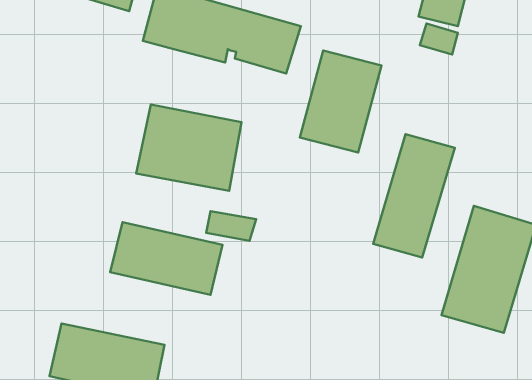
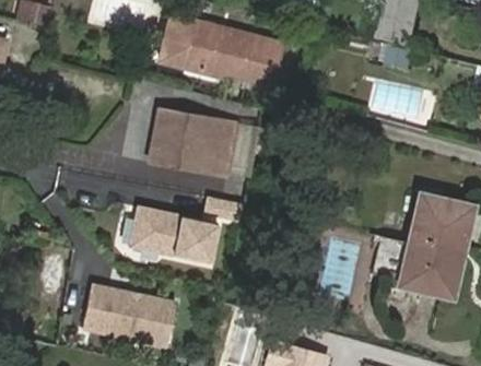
building: [300,50,382,152] -> none
building: [373,134,455,258] -> none

